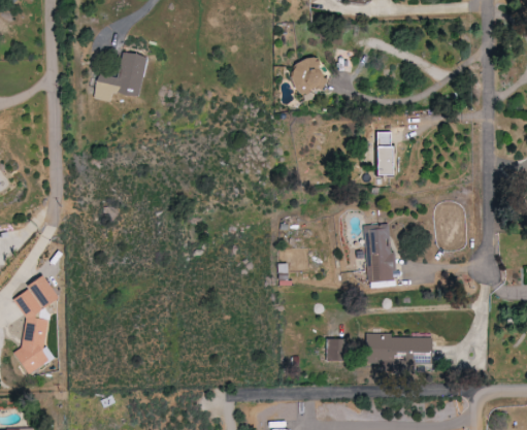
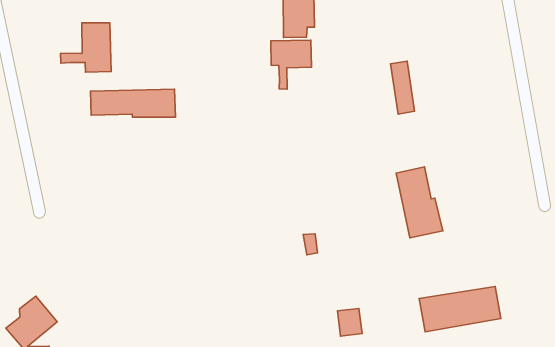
building: none -> [271,40,312,89]
building: none -> [91,89,175,117]
building: [327,337,347,360] -> [337,308,362,336]

